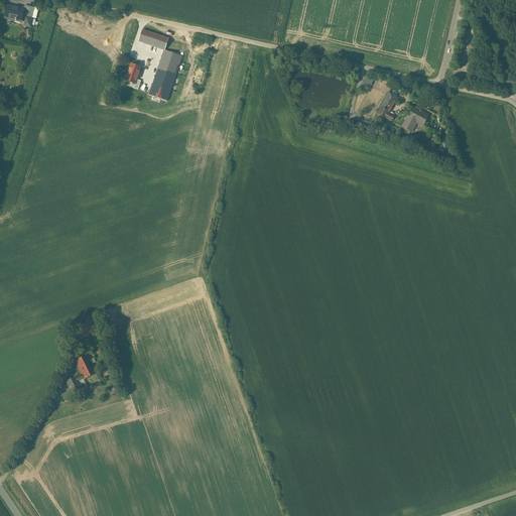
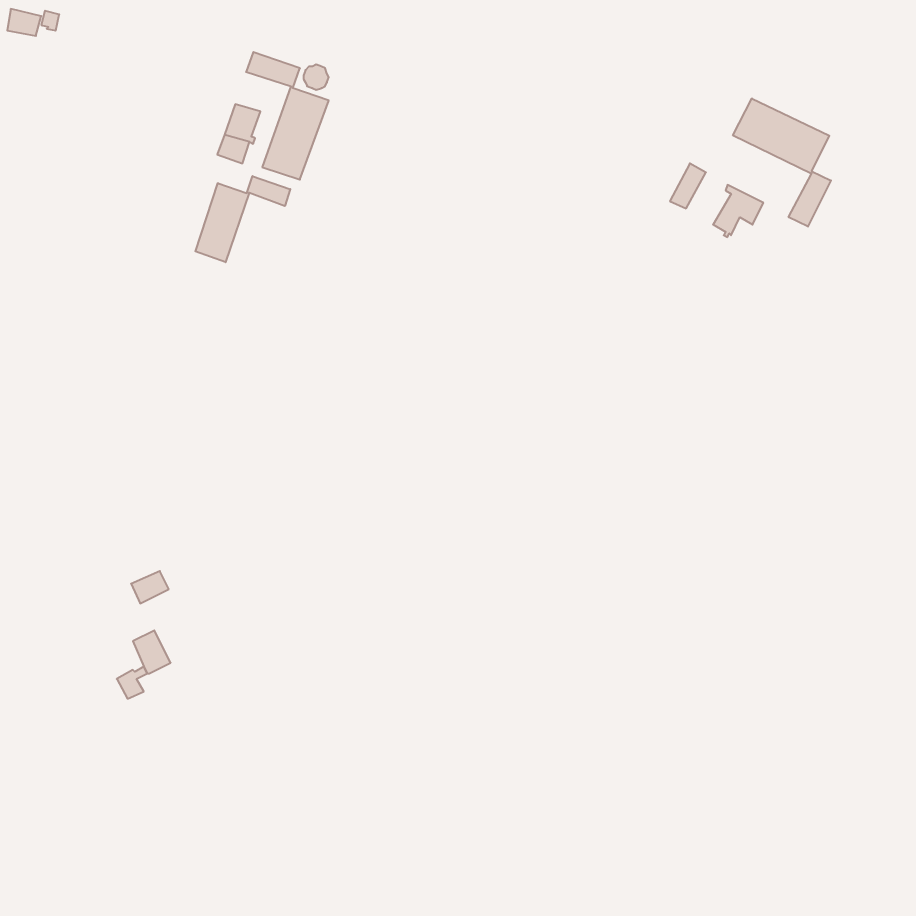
building: none -> [733,98,831,227]
building: none -> [195,176,290,262]

